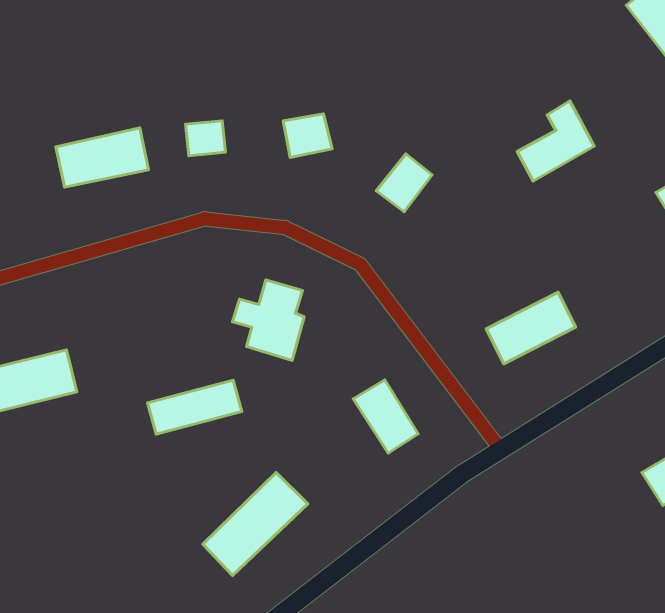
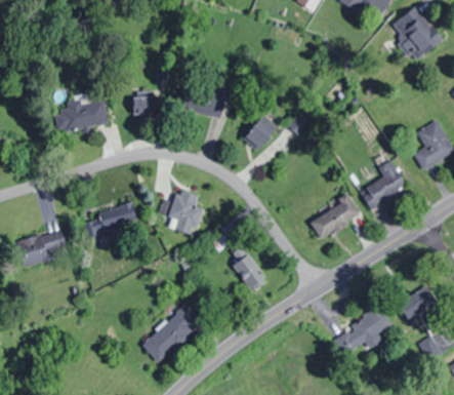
building: [517,101,594,181] -> [362,160,407,207]
building: [147,380,242,434] -> [83,203,138,235]
building: none -> [333,308,393,354]

